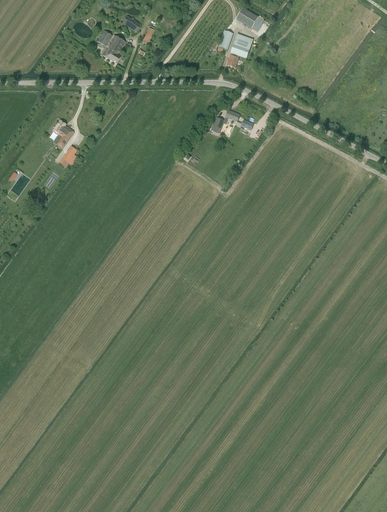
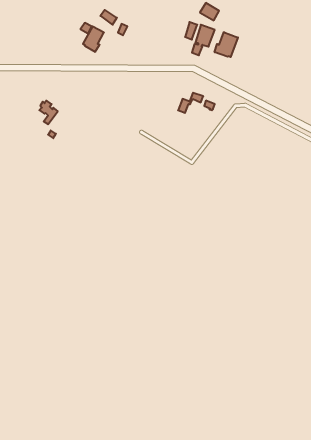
building: none -> [215,32,238,57]

